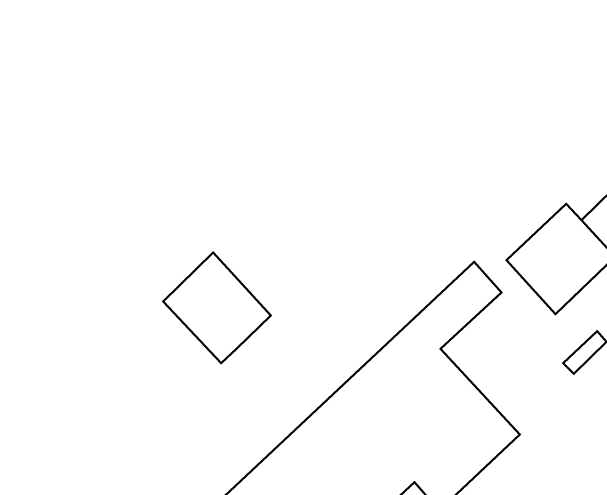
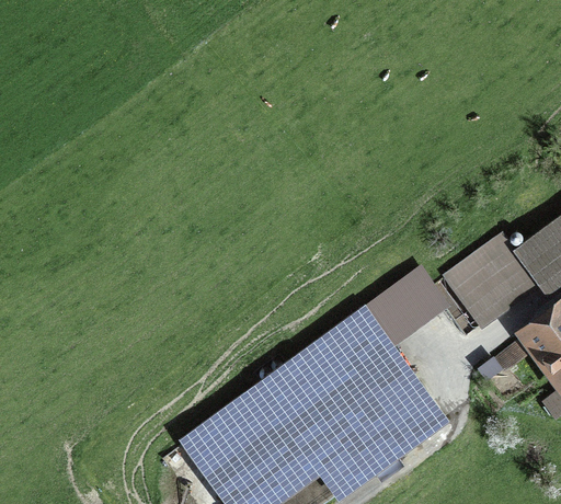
building: [163,253,271,363] -> none

